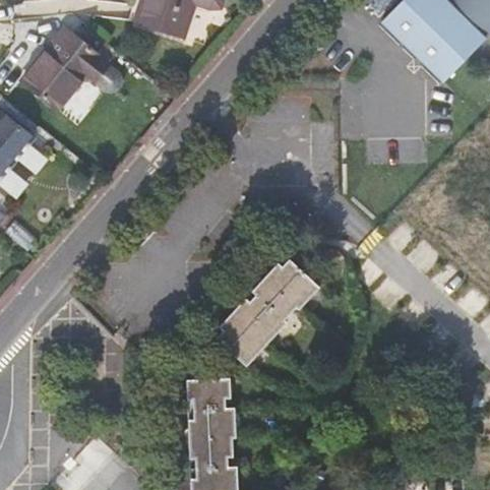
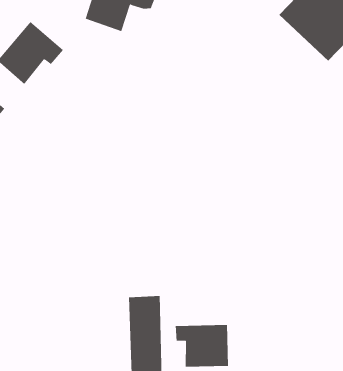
building: [204,250,322,368] -> none
building: none -> [175,324,229,367]

